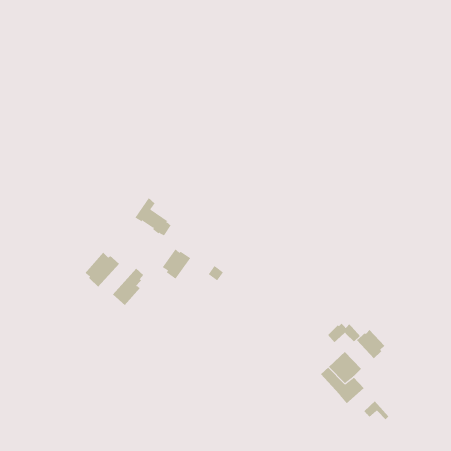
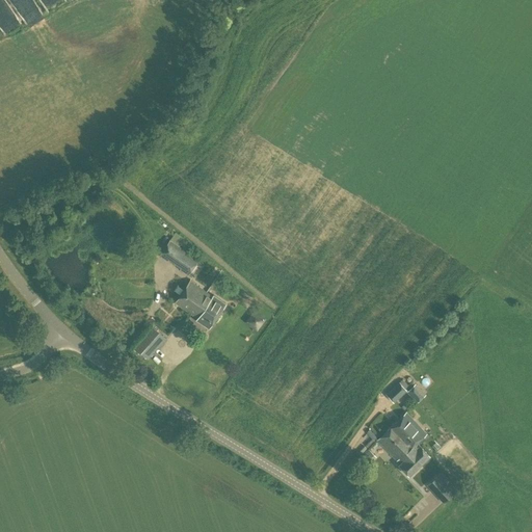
building: none -> [174,282,206,315]
building: [84,252,120,288] -> none
building: [356,329,385,359] -> none

